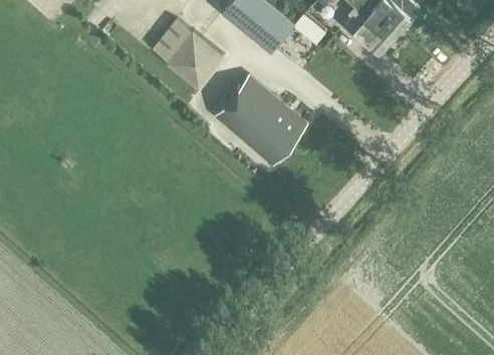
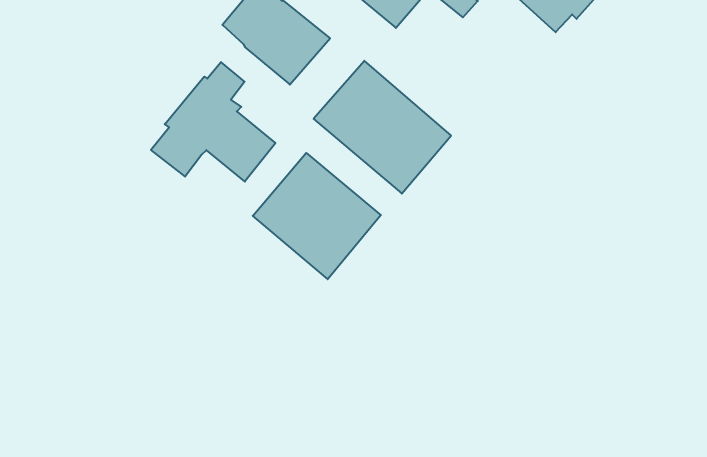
building: none -> [151,62,275,182]
building: none -> [253,153,381,279]

